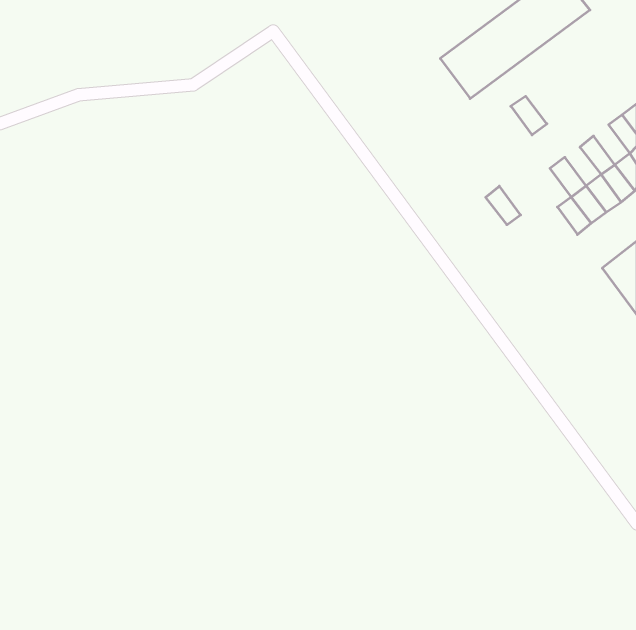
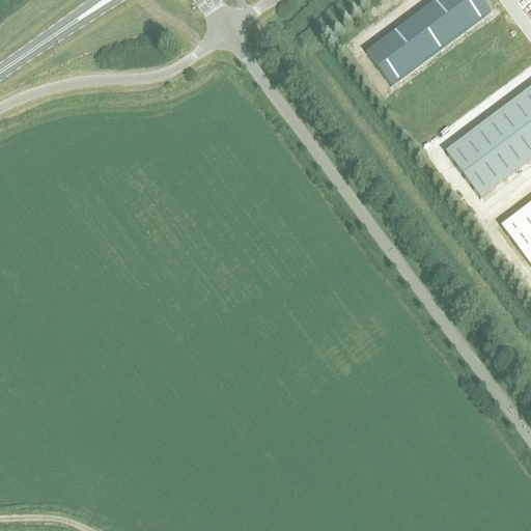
building: [511,96,547,135] -> [471,122,501,155]
building: none -> [495,104,525,137]
building: [486,186,521,225] -> [447,140,476,172]

